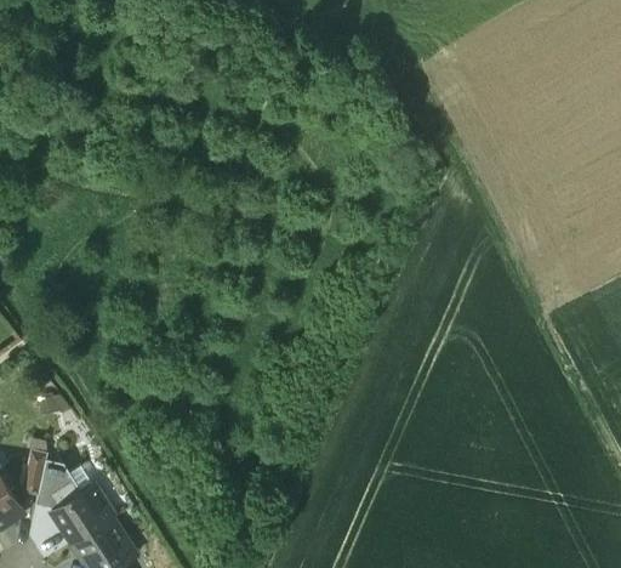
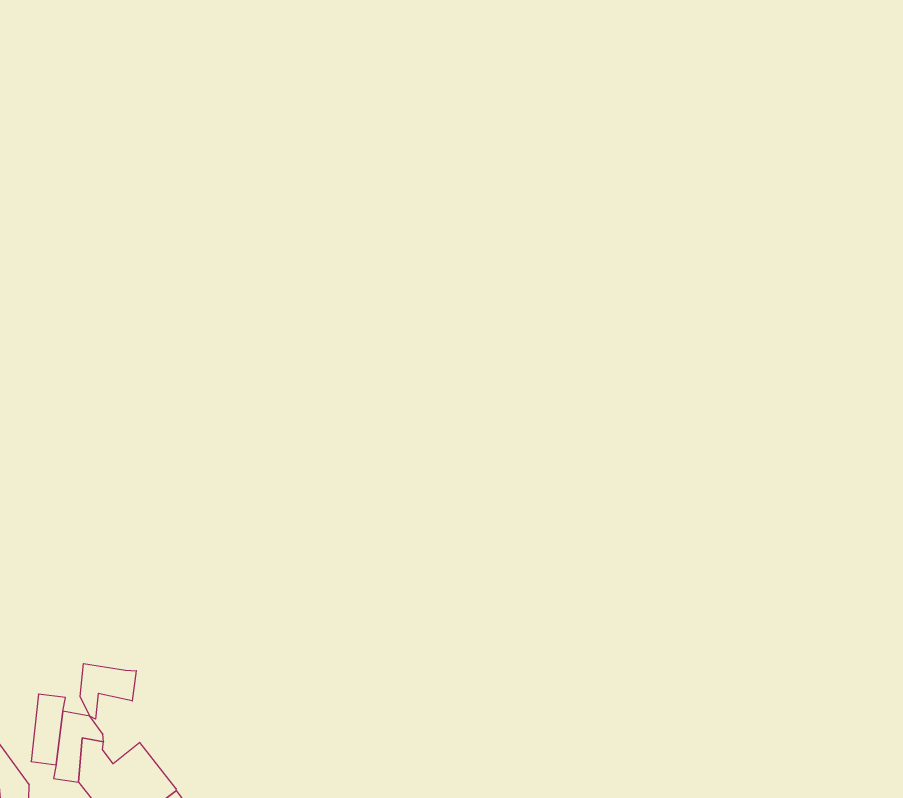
building: none -> [80,664,136,719]

